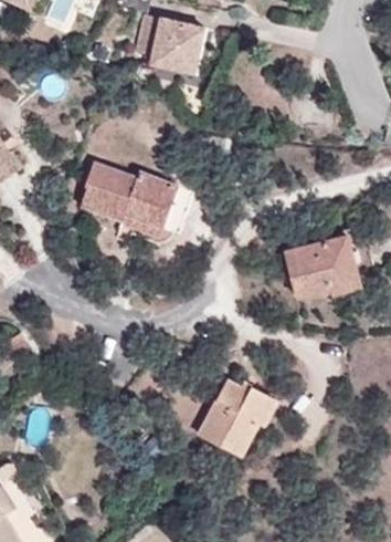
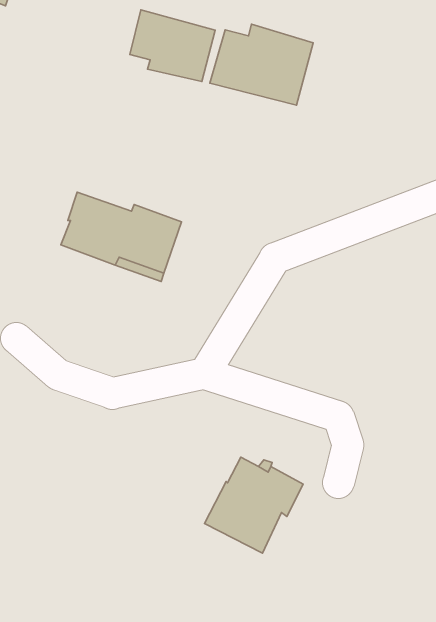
building: none -> [210,24,313,105]
building: [284,236,359,299] -> none

